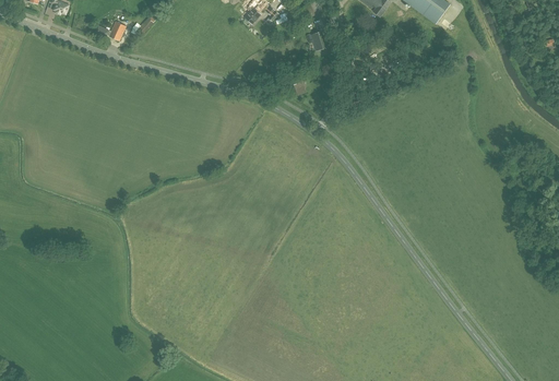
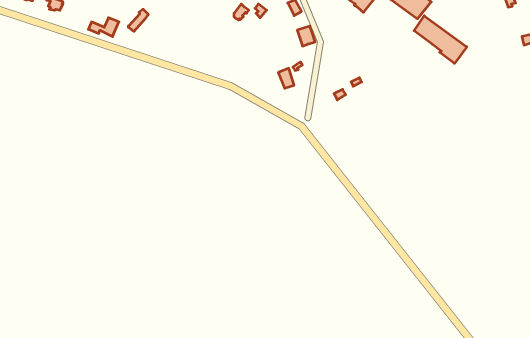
building: none -> [414,16,467,63]

